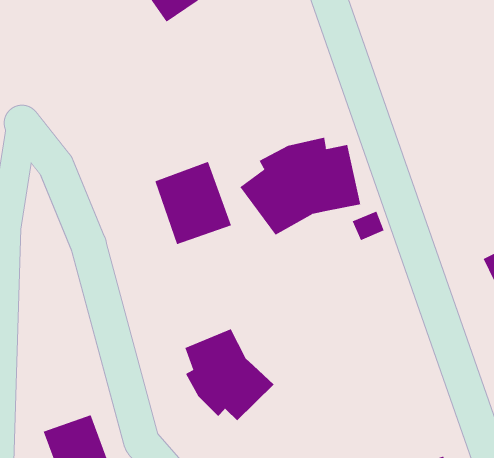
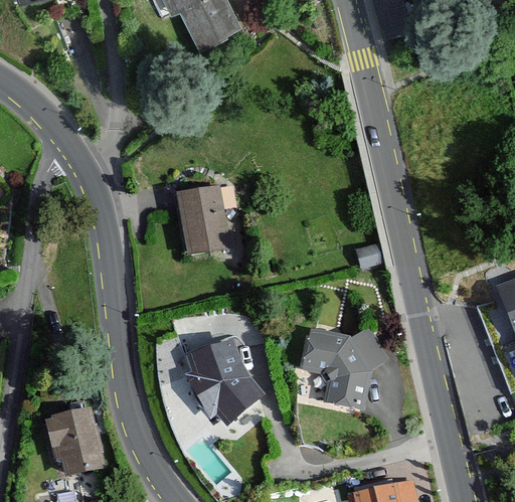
building: [240,137,361,236] -> none
building: none -> [301,326,388,407]

